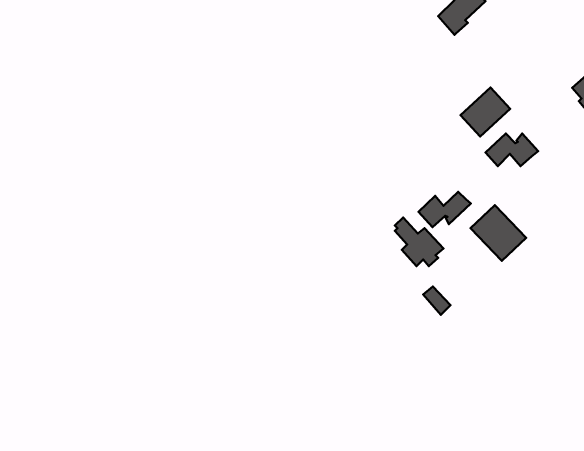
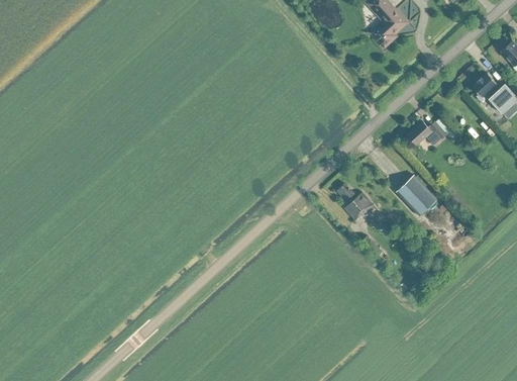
building: [460,88,510,136] -> none
building: [419,192,471,227] -> none

